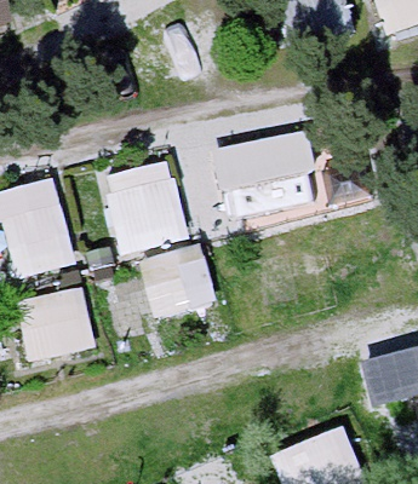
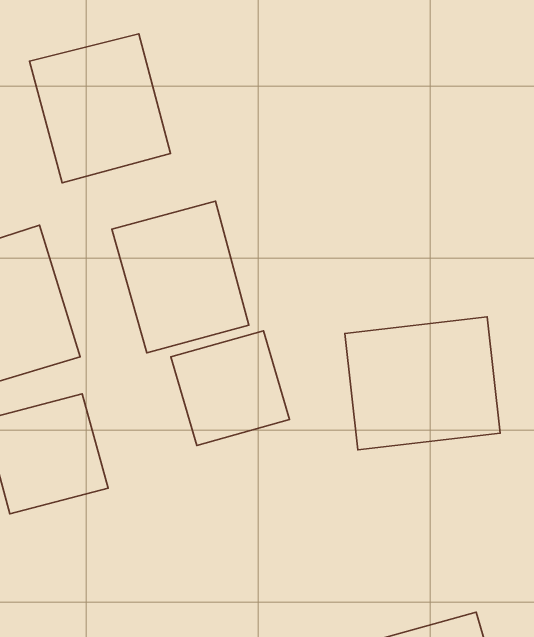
building: none -> [29,34,171,183]
building: [217,131,319,218] -> [345,317,500,450]

